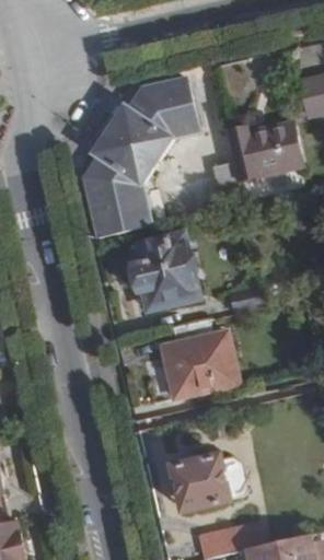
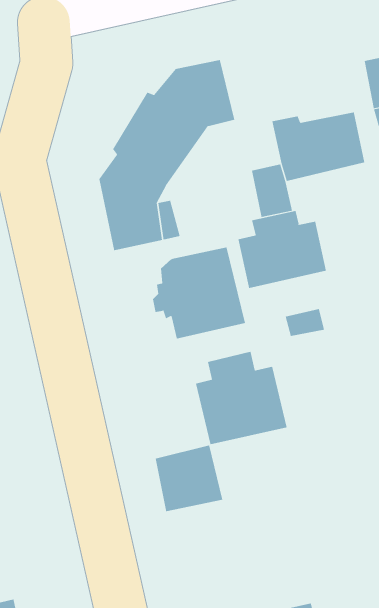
building: none -> [238,210,326,289]
building: [173,456,229,511] -> [155,445,223,512]

